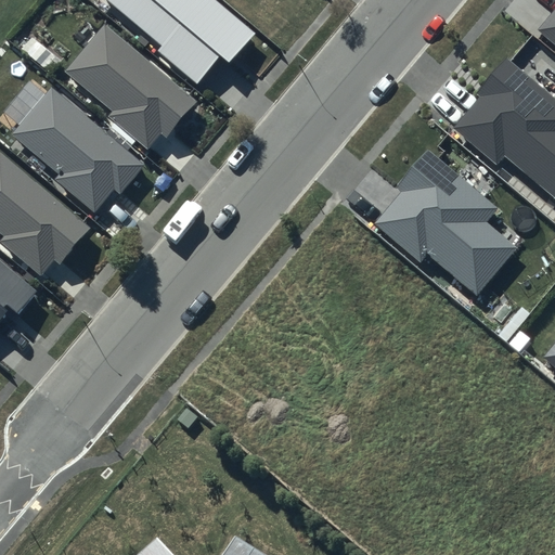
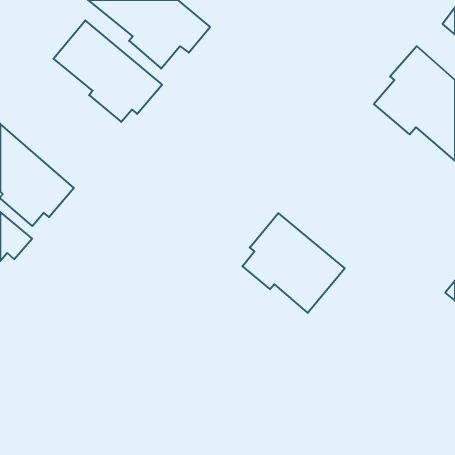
building: [12,87,144,211] -> none
building: [374,149,517,294] -> none
building: none -> [242,213,345,313]

